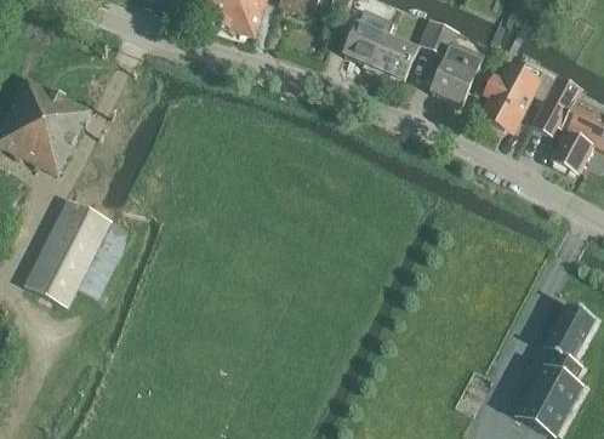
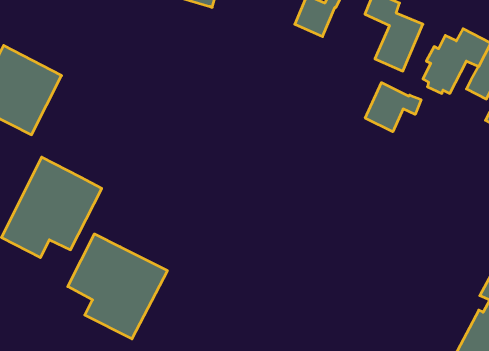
building: [374,35,417,79] -> none
building: none -> [365,83,421,132]
building: none -> [68,234,167,339]

